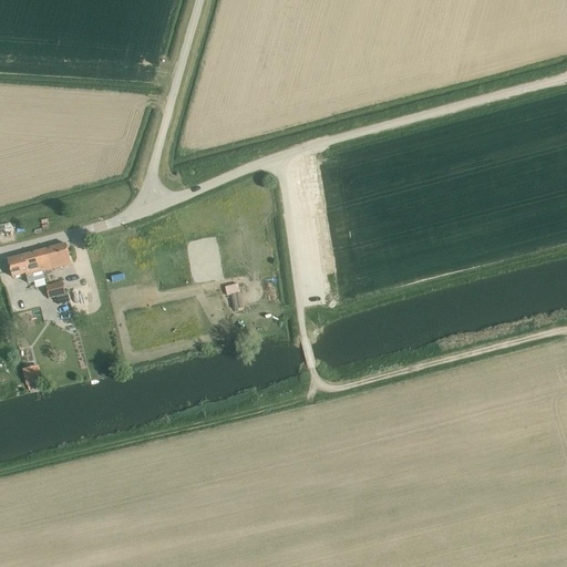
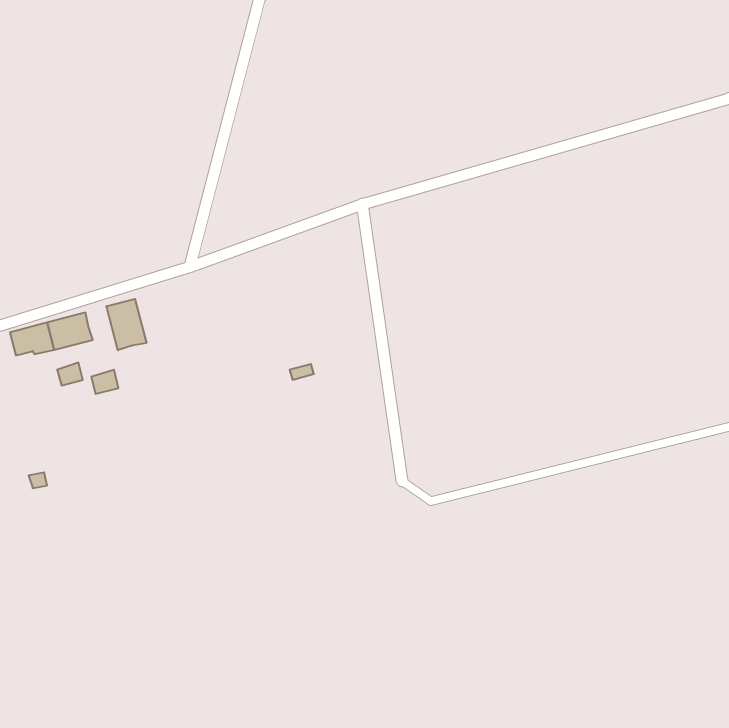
building: none -> [106,299,146,350]

